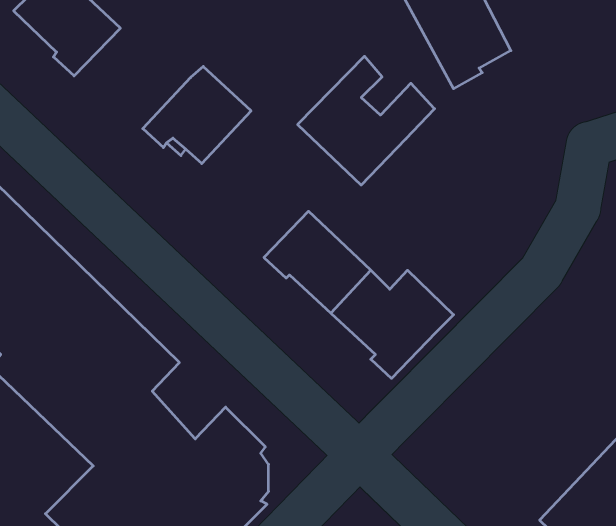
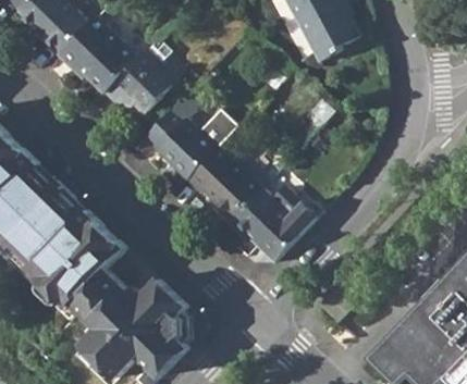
building: none -> [56,14,135,89]
building: [298,56,435,185] -> [142,89,235,177]

